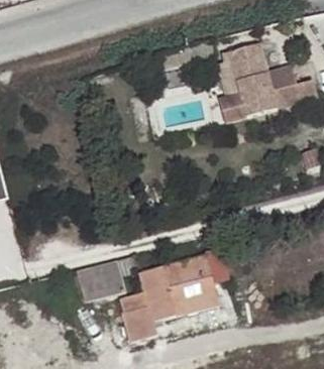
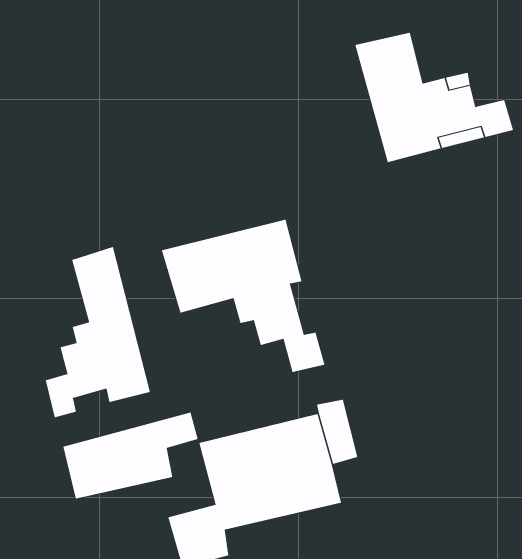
building: none -> [161,219,325,373]
building: none -> [45,246,150,418]

